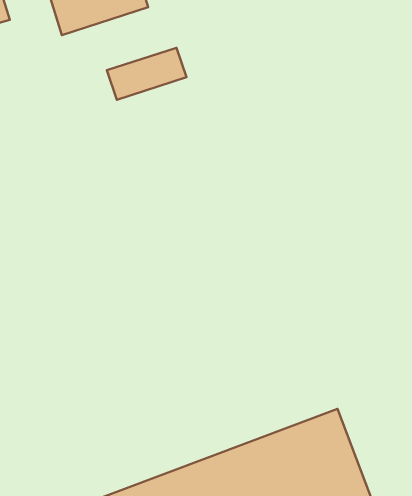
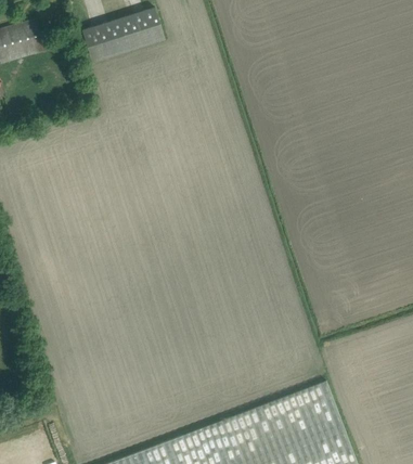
building: [107,48,186,100] -> none

